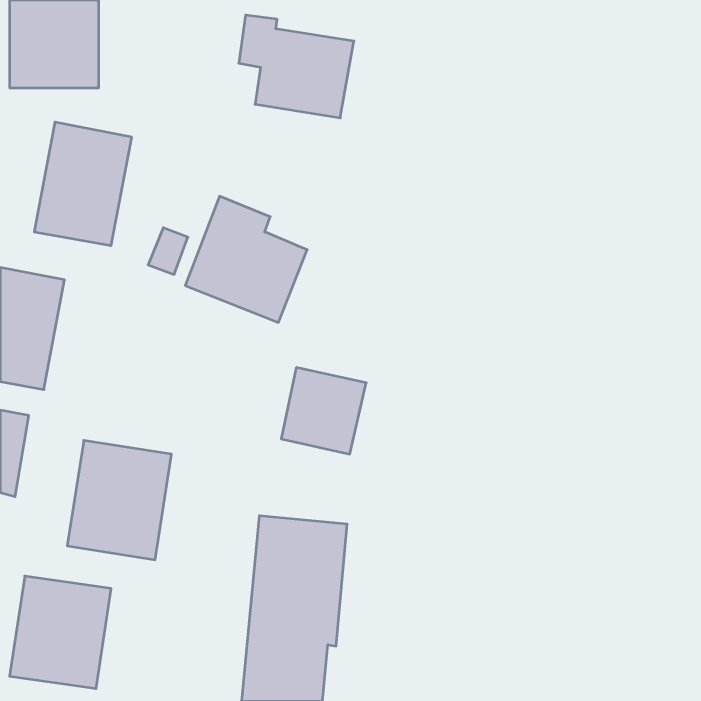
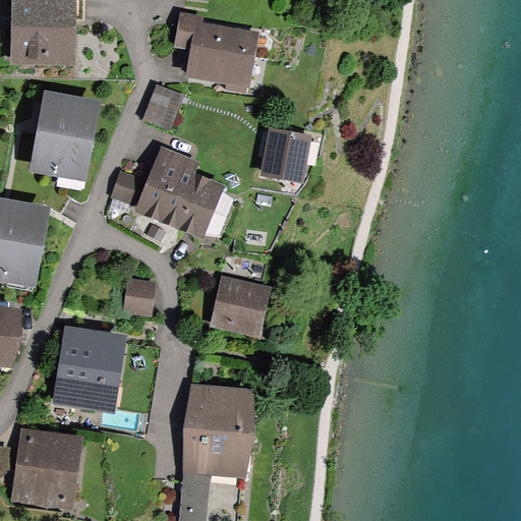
building: none -> [143,82,186,130]
building: none -> [263,127,315,184]
building: none -> [123,278,158,316]

